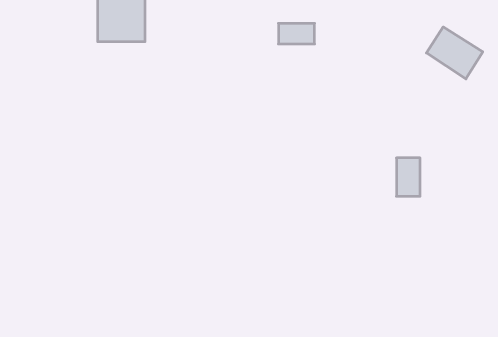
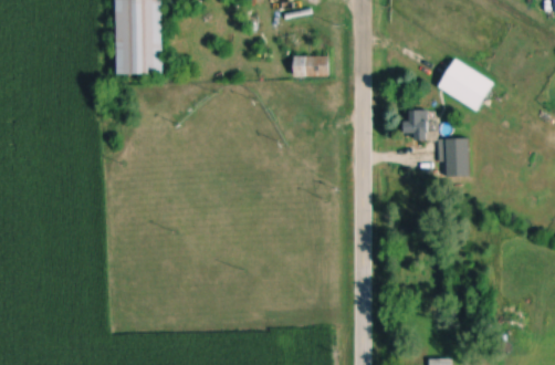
building: none -> [404,110,427,137]
building: [396,158,420,196] -> [444,137,468,175]

